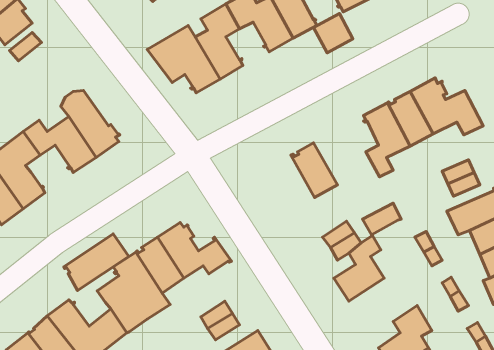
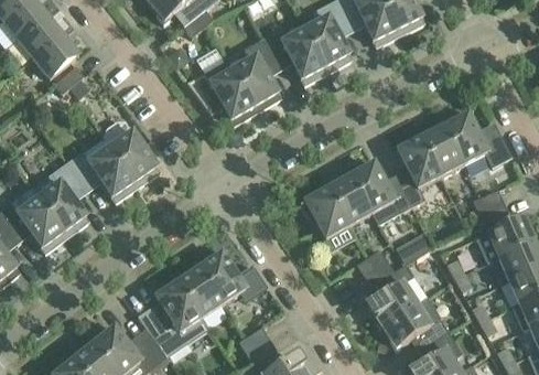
building: [314,13,353,53] -> none
building: none -> [347,159,411,224]
building: none -> [299,184,348,238]
building: [64,234,129,291] -> none
building: none -> [381,303,448,347]

